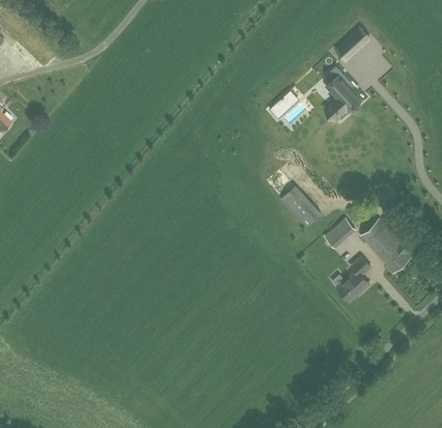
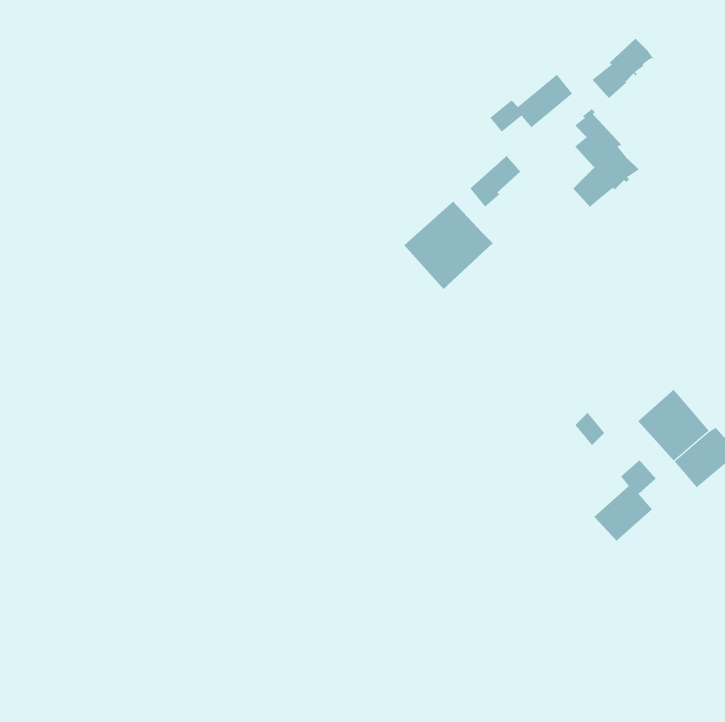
building: none -> [490,74,573,133]
building: none -> [403,201,494,290]
building: [281,186,321,227] -> none

